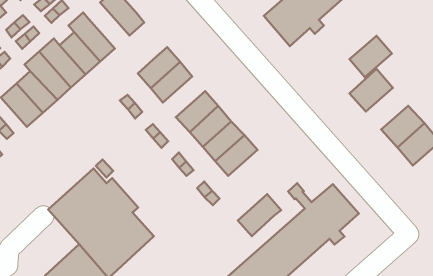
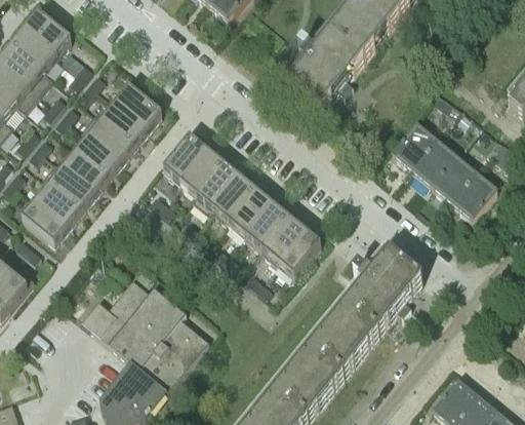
building: none -> [100,103,147,146]
building: [350,36,392,77] -> [411,140,455,186]
building: none -> [191,162,237,212]
building: [238,194,281,236] -> [276,229,320,276]

